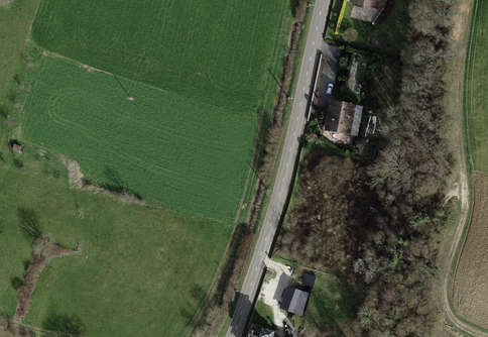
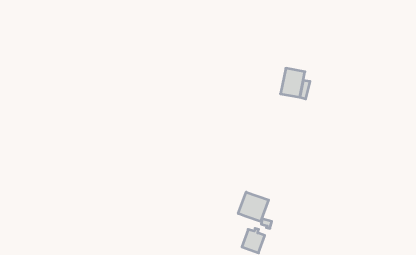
building: none -> [238,192,269,221]

